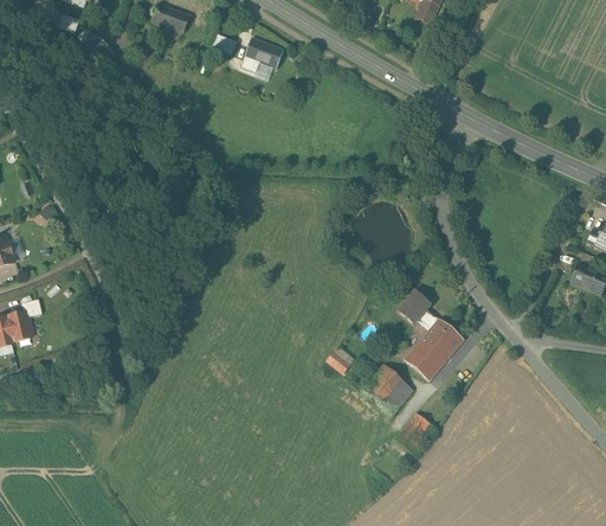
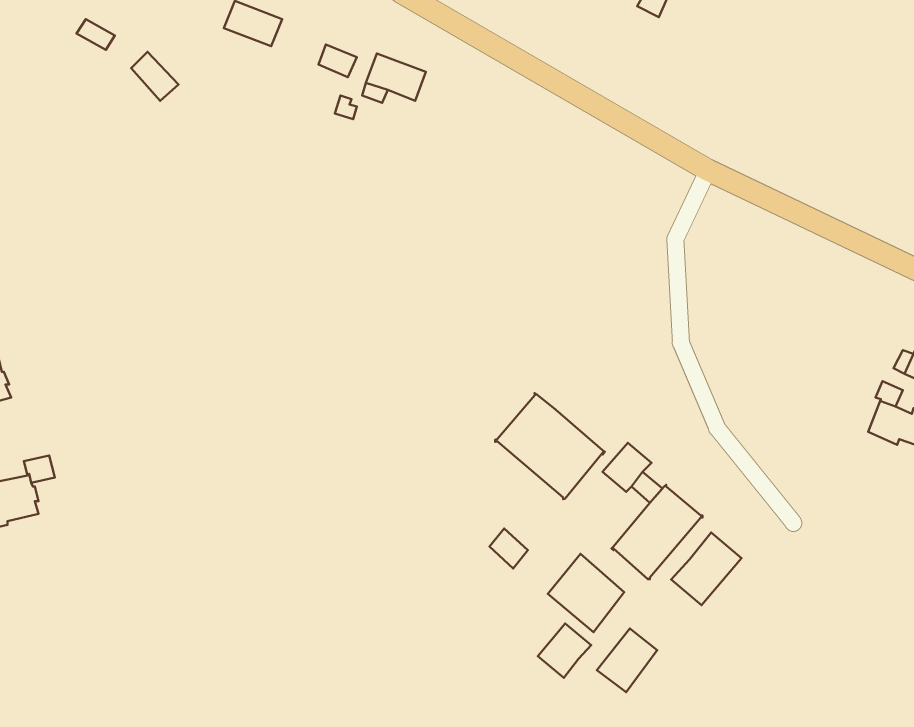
building: none -> [495,393,605,499]
building: none -> [671,533,742,605]
building: none -> [538,623,591,678]

